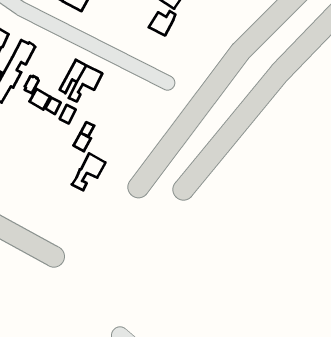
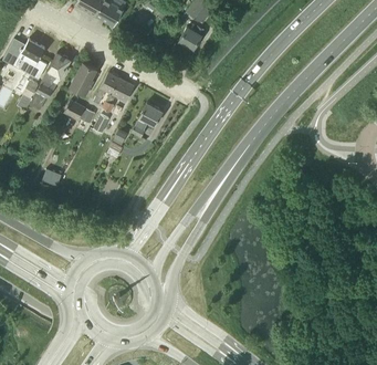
building: none -> [71,62,97,94]
building: [72,153,105,190] -> [132,102,164,137]

